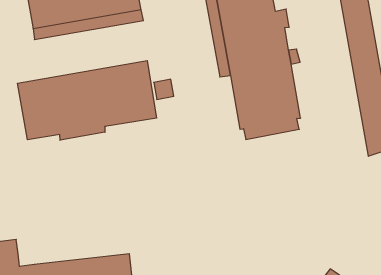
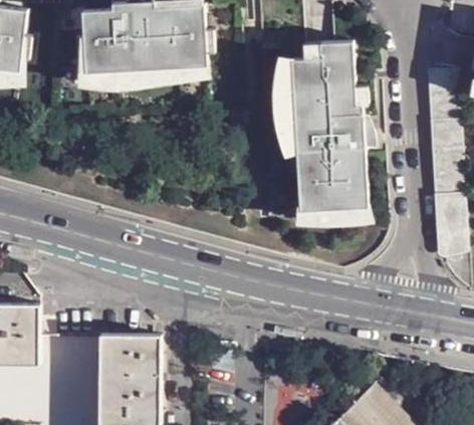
building: [18,61,156,140] -> none

